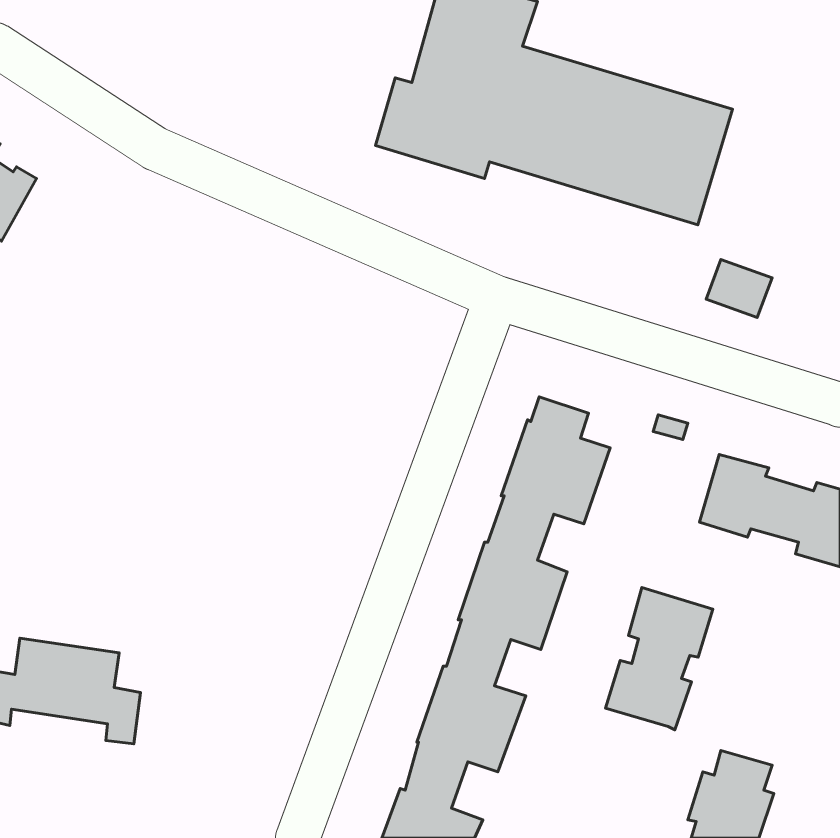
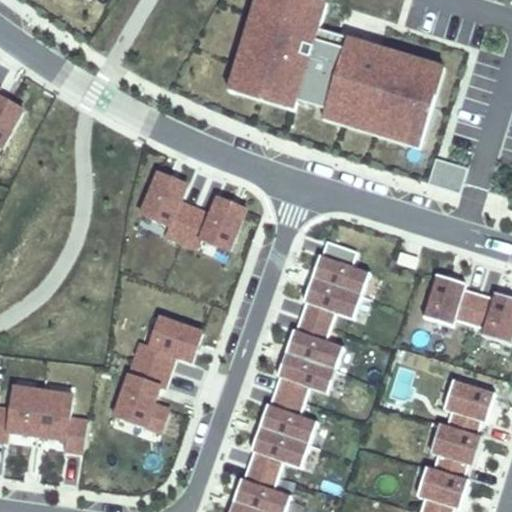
building: none -> [139,171,244,248]
building: none -> [115,316,201,429]
building: [605,588,713,730] -> [429,379,494,465]

